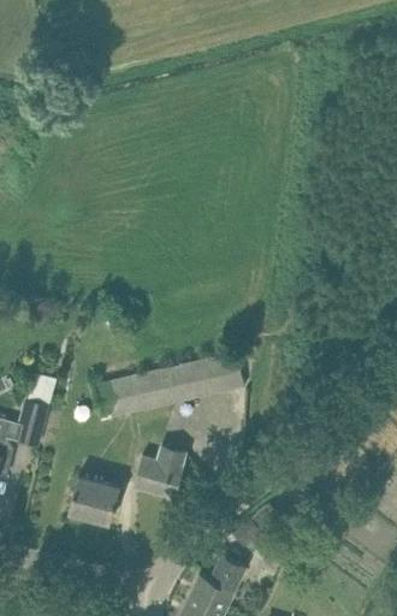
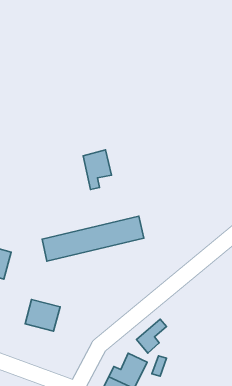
building: none -> [83,150,111,190]
building: [132,445,184,497] -> none

